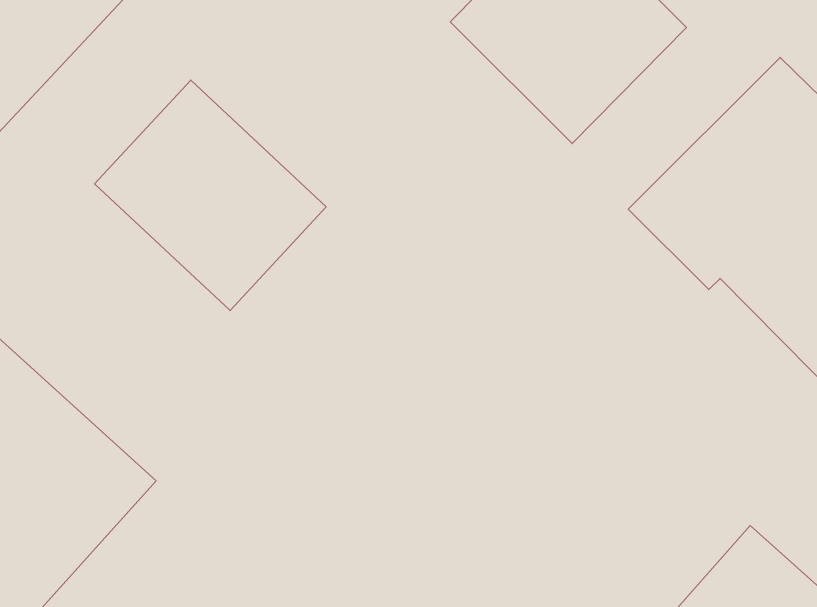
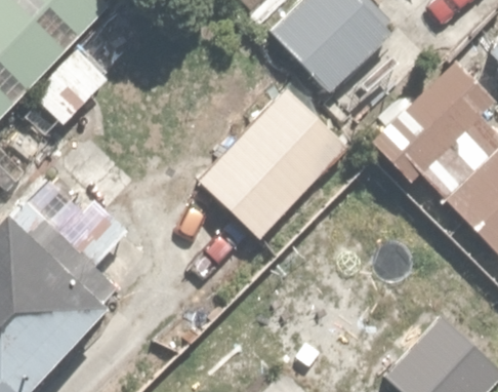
building: [95,80,326,311] -> none
building: none -> [197,82,351,239]

